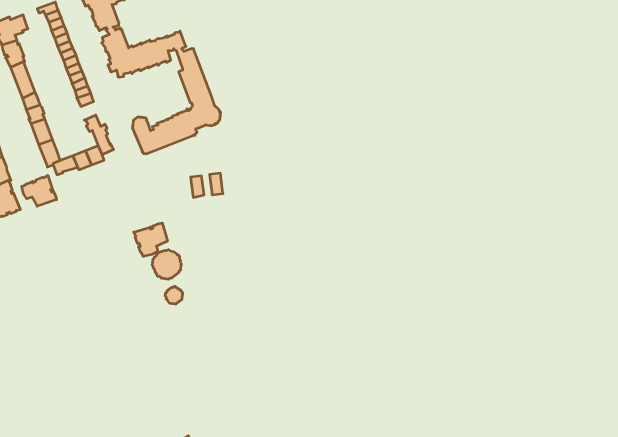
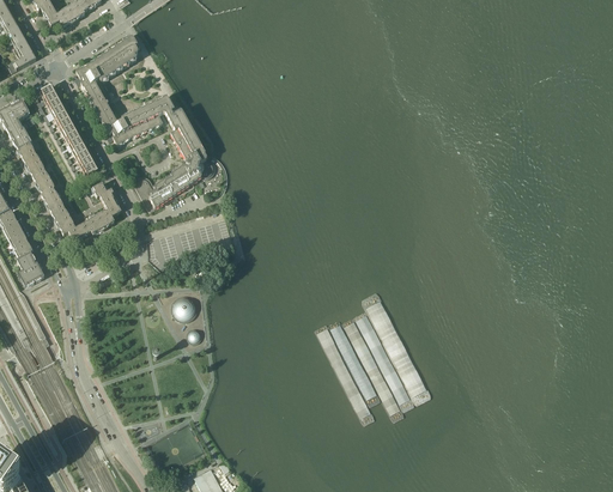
building: [22,175,57,206] -> none
building: [134,223,167,256] -> none

